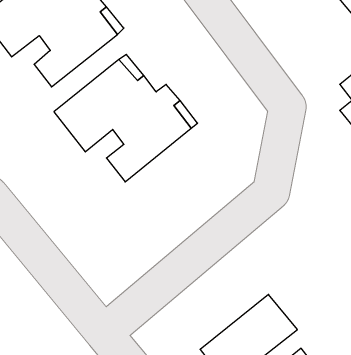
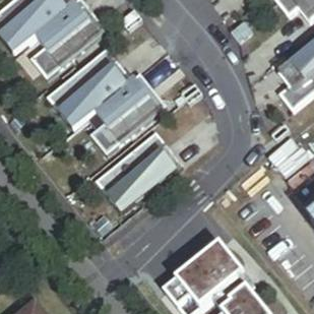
building: none -> [97,136,181,211]

